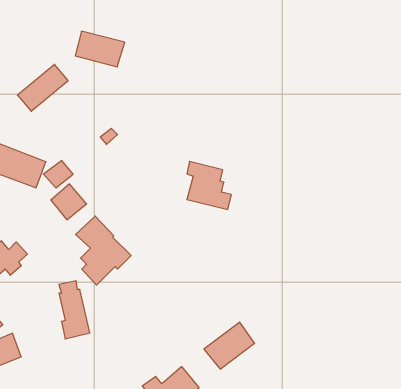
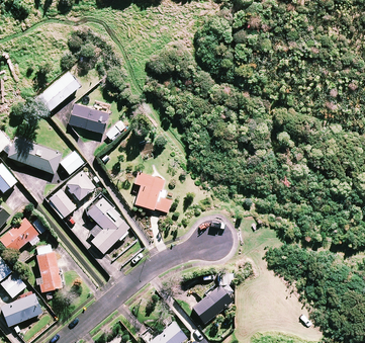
building: [75,31,125,67] -> [70,102,110,132]
building: [187,161,231,209] -> [134,173,171,212]
building: none -> [48,189,76,219]
building: [59,281,90,339] -> [36,245,62,292]

